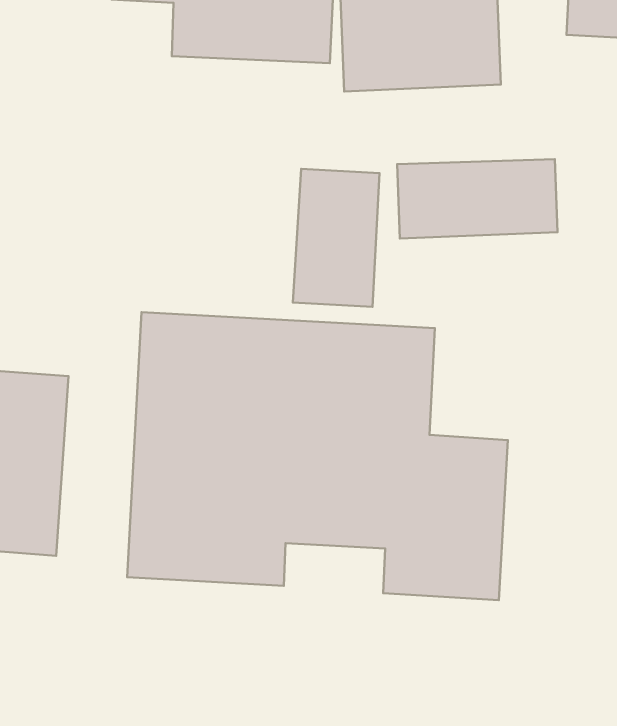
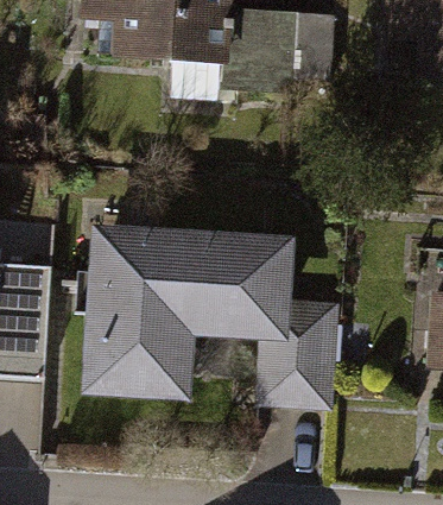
building: [397,159,558,238] -> none
building: [293,169,380,307] -> none

